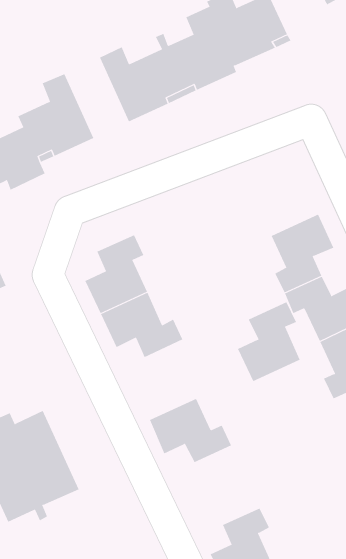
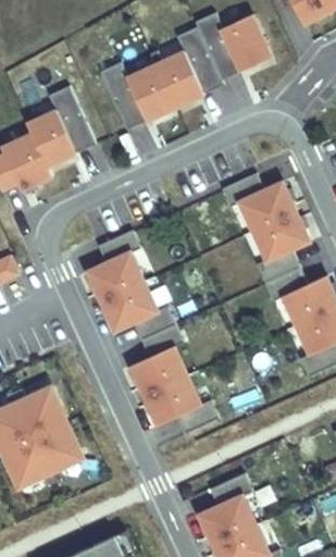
building: none -> [221,172,295,231]
building: [237,301,300,382] -> [129,323,186,395]

